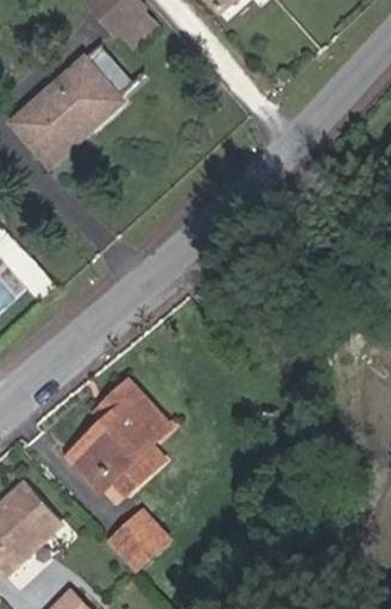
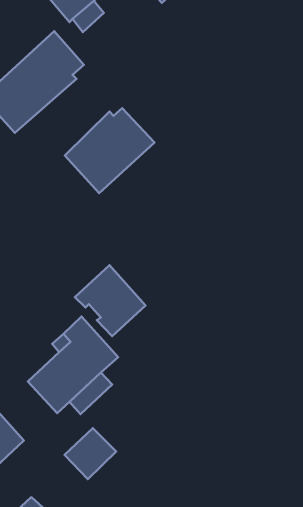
building: none -> [65,108,155,193]
building: none -> [75,265,146,336]

